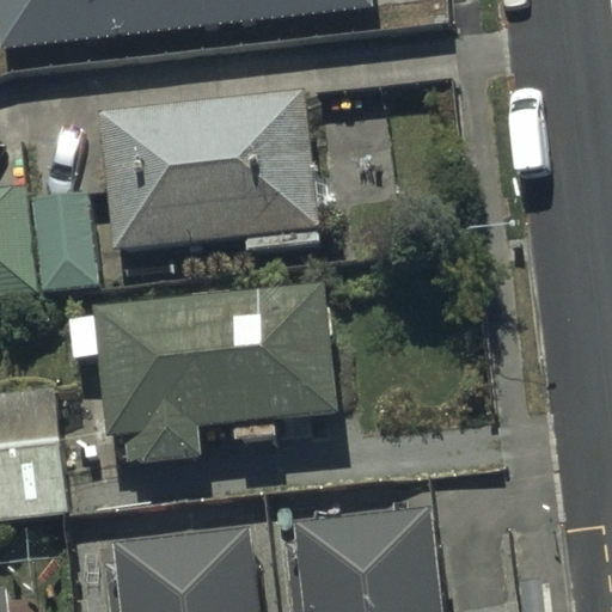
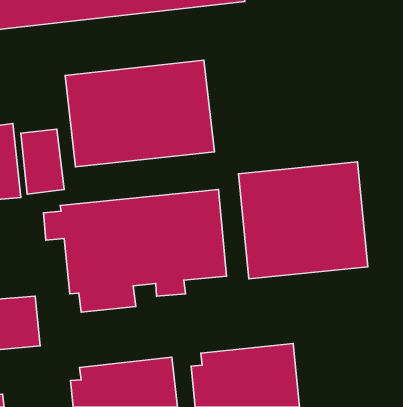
building: none -> [238,162,368,279]

